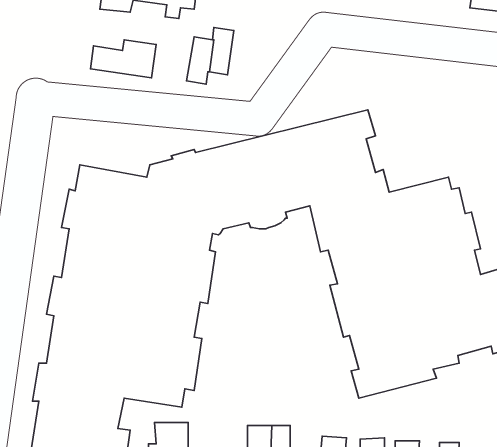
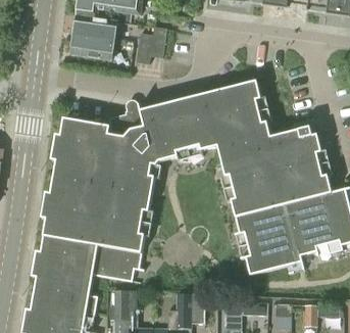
building: none -> [72,15,117,41]

